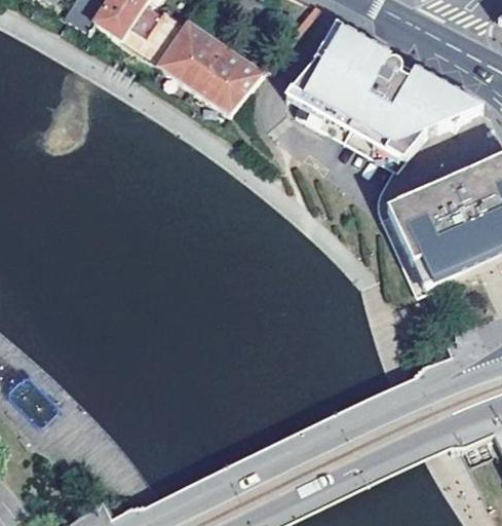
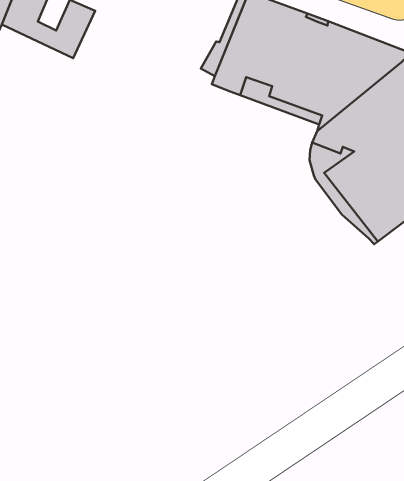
building: [165,22,267,114] -> none

